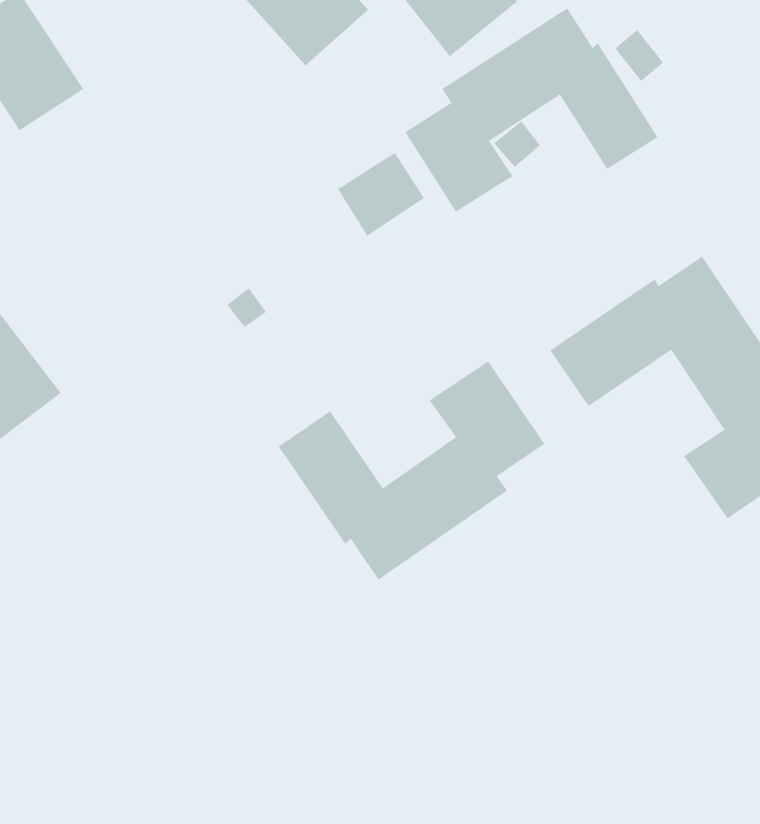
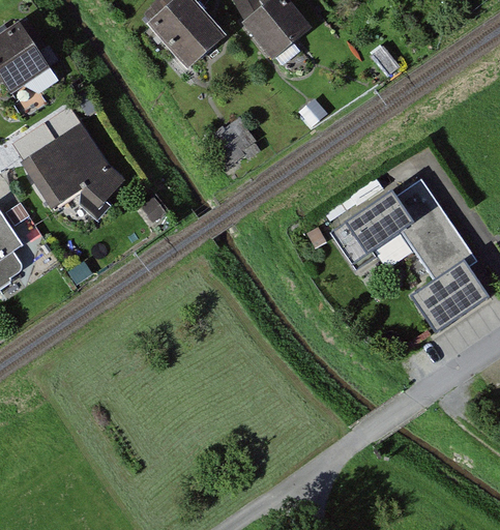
building: [404,8,658,213] -> none
building: none -> [20,124,123,208]
building: [278,360,545,580] -> none

